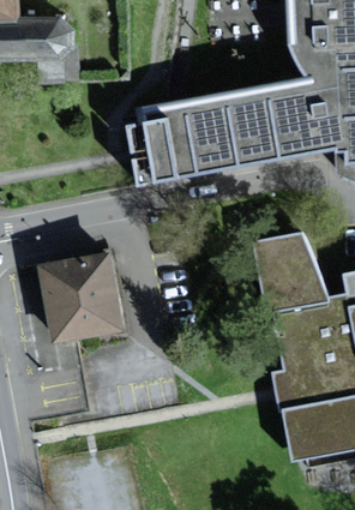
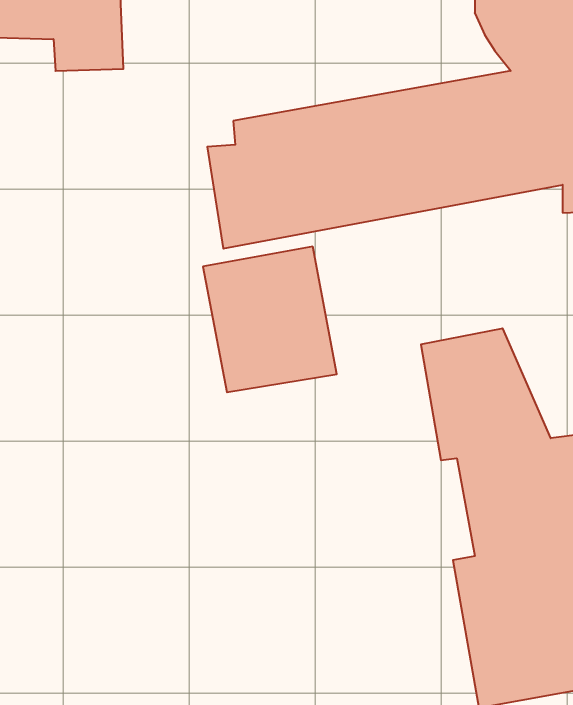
building: [38,251,119,338] -> [203,247,337,392]

